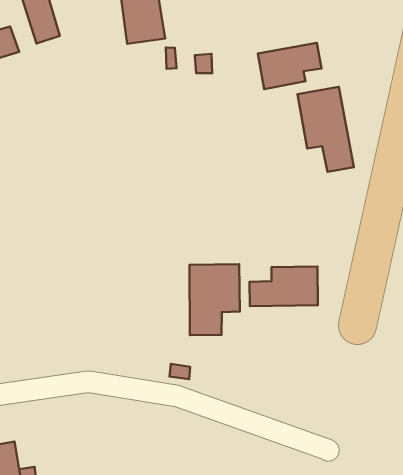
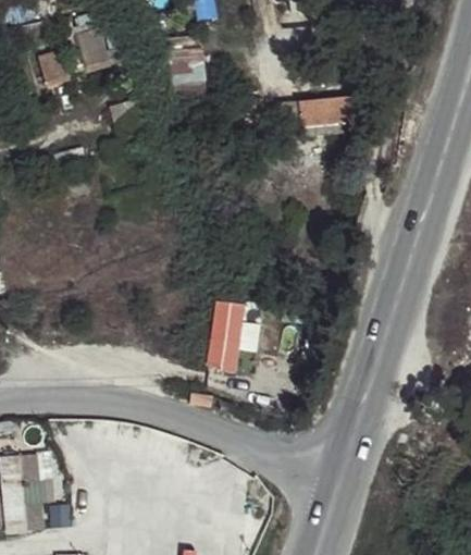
building: [297,87,354,172] -> none
building: [250,267,318,306] -> none

